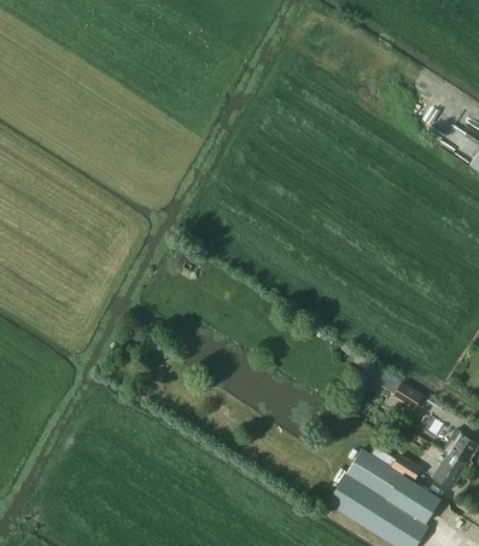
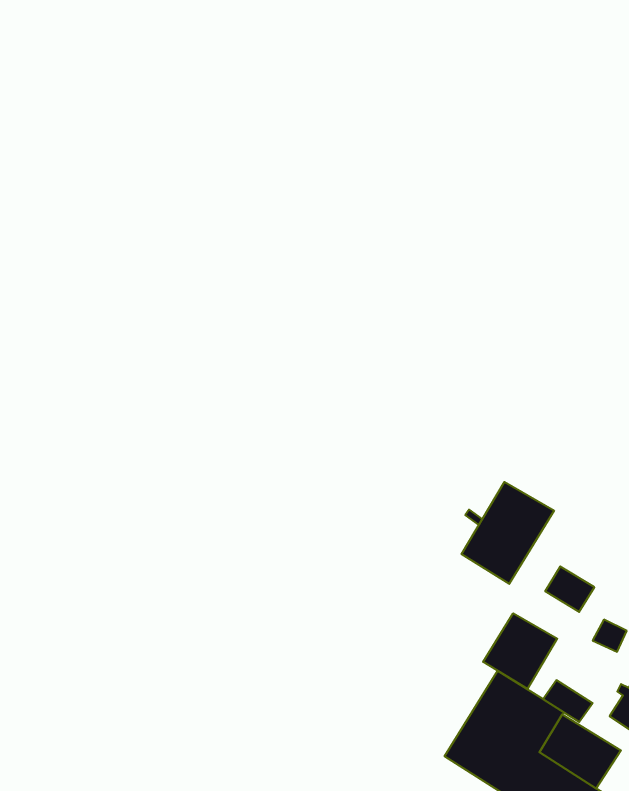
building: none -> [462,482,554,584]
building: none -> [483,613,557,689]

